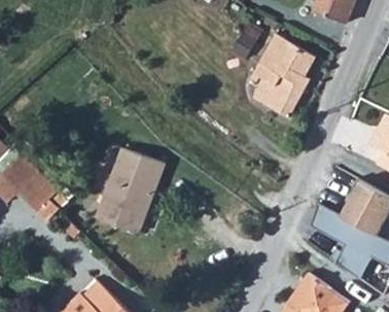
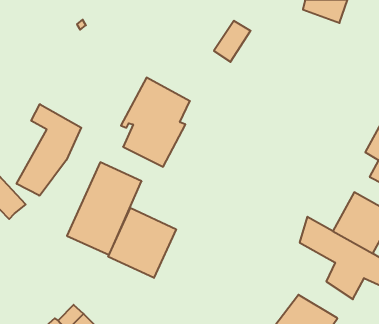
building: [251,33,315,115] -> [121,78,190,167]
building: none -> [17,104,81,196]
building: none -> [108,208,176,278]

